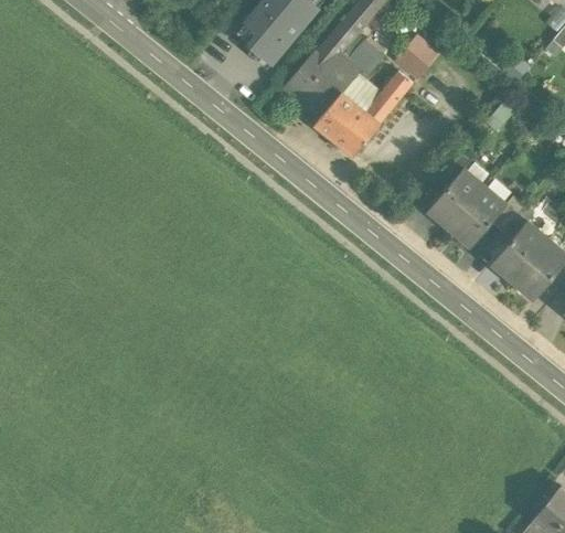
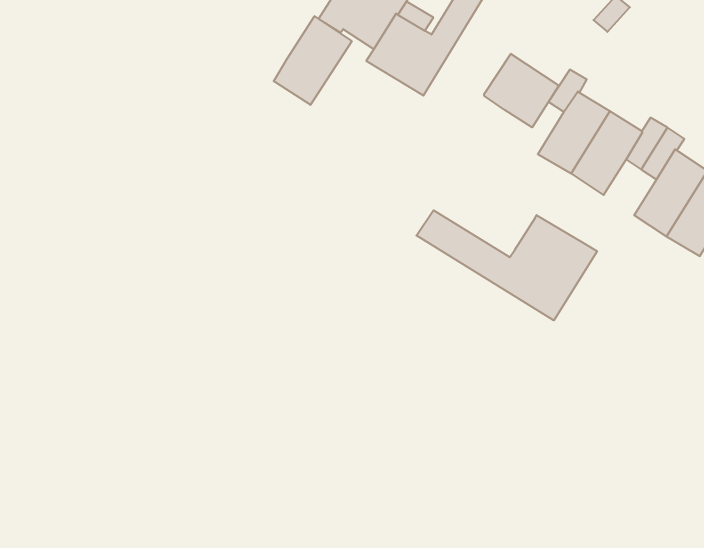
building: none -> [274,16,352,105]
building: none -> [484,54,559,127]
building: none -> [416,210,597,320]

